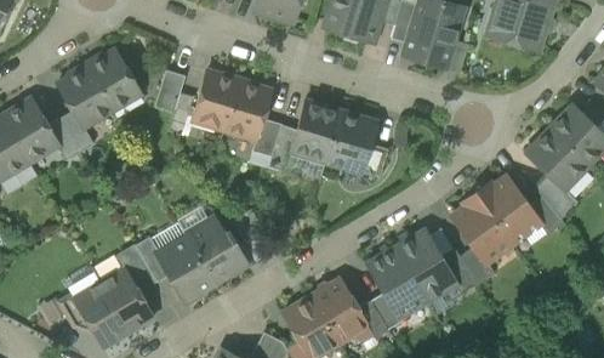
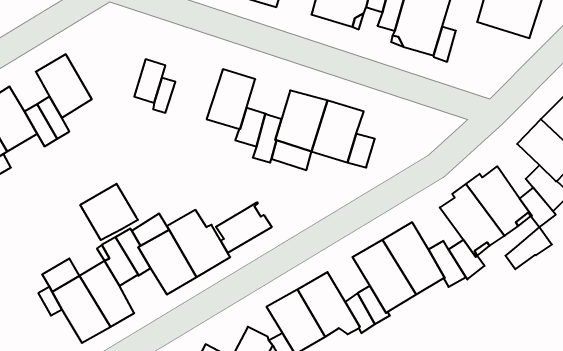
building: [87,49,142,109] -> none
building: [193,70,240,129] -> none
building: none -> [80,184,138,240]
building: none -> [216,202,272,253]
building: none -> [505,227,552,269]

